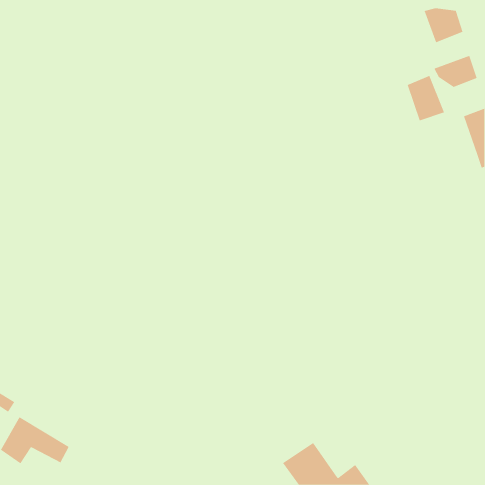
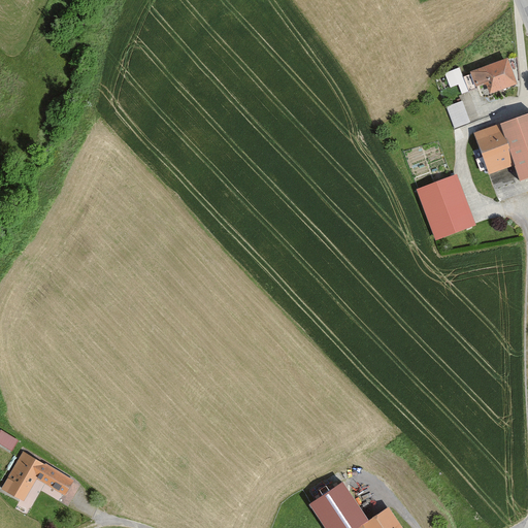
building: [424,8,463,43] -> none
building: none -> [474,126,516,175]
building: none -> [417,174,475,240]

